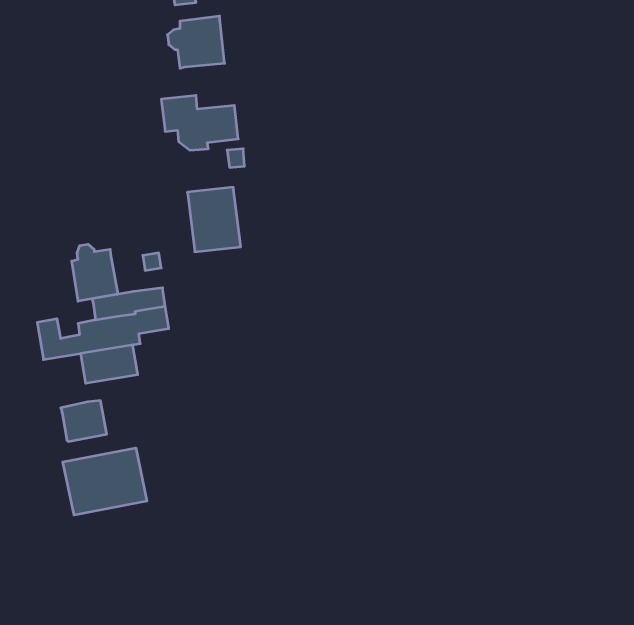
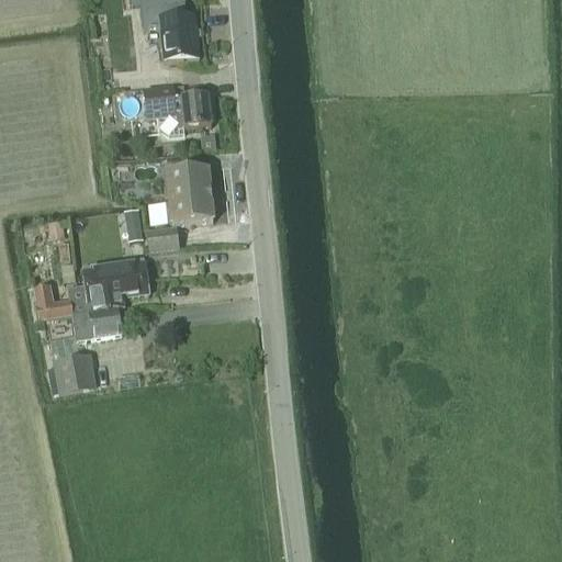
building: [72,244,118,301] -> none
building: none -> [147,225,179,249]
building: [63,448,147,515] -> none

